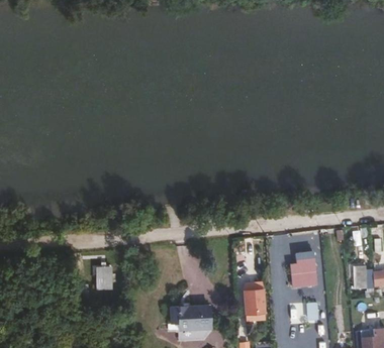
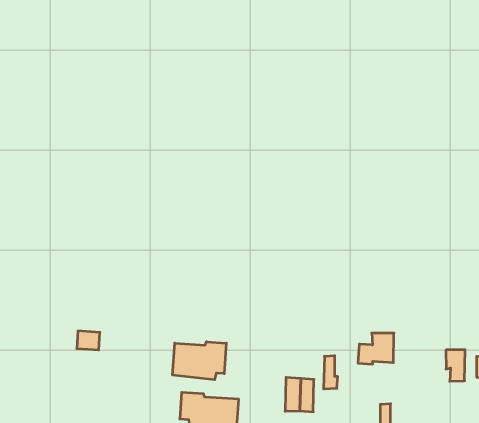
building: none -> [173,342,226,380]

